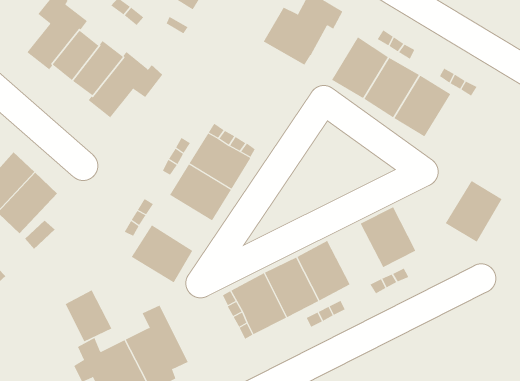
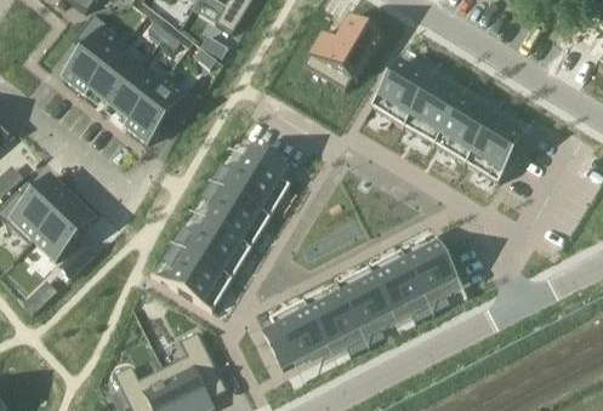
building: [445,180,502,242] -> [466,118,524,181]
building: none -> [189,219,251,276]
building: none -> [368,249,423,310]
building: [65,290,112,342] -> none

